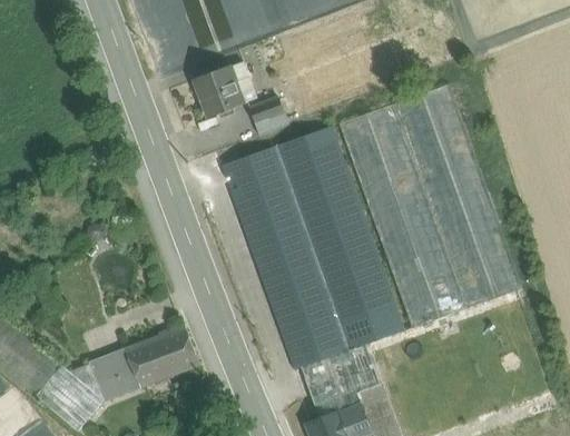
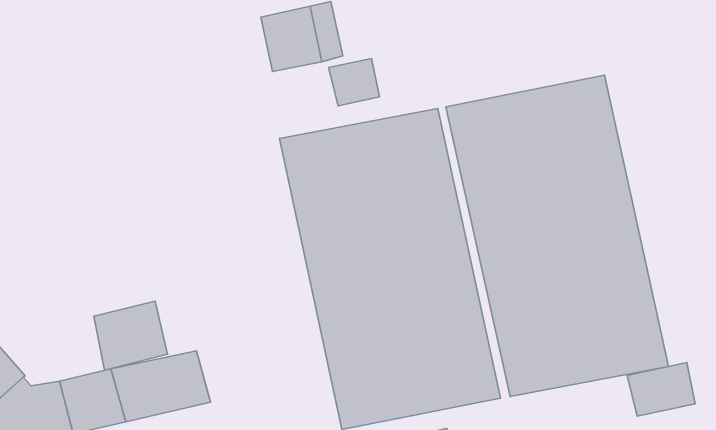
building: none -> [627,362,695,416]
building: none -> [94,301,168,370]

